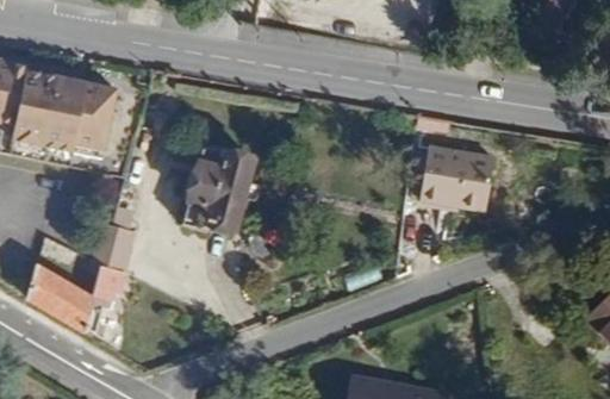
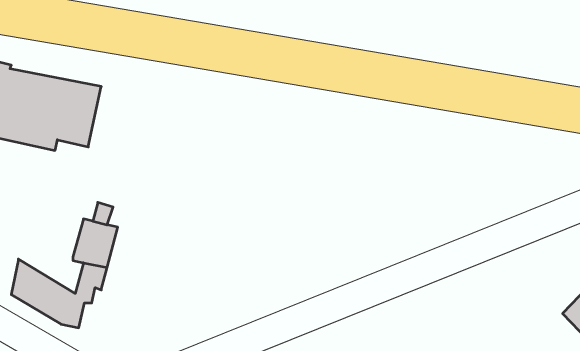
building: [185,145,255,231] -> none
building: [419,146,494,213] -> none

